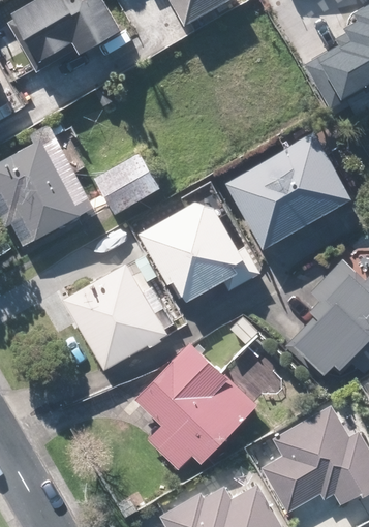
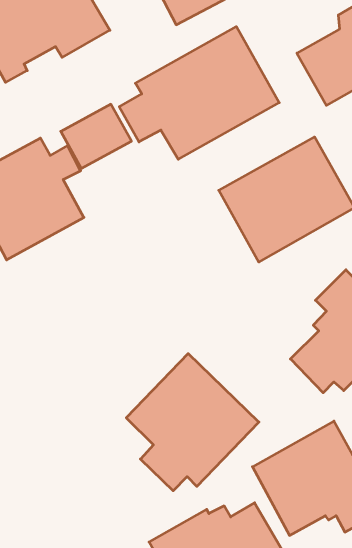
building: none -> [119,27,279,159]
building: [94,152,161,213] -> [61,104,131,168]
building: [137,197,260,305] -> none
building: [65,265,165,369] -> none

